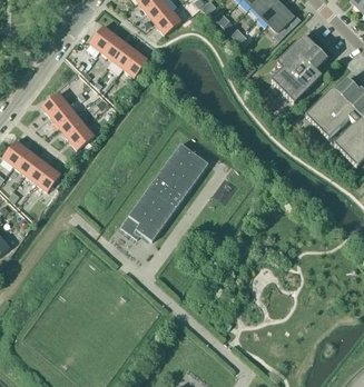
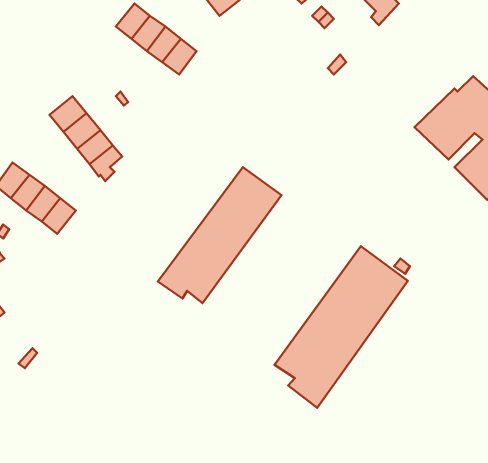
building: [270,34,328,103] -> none
building: none -> [275,246,408,408]

